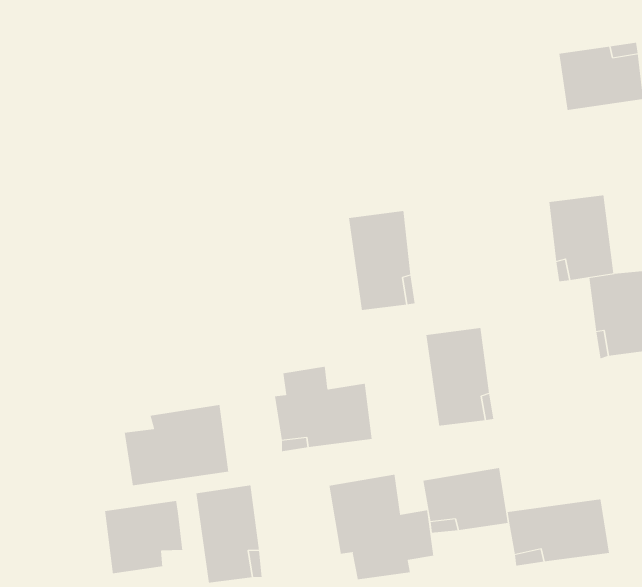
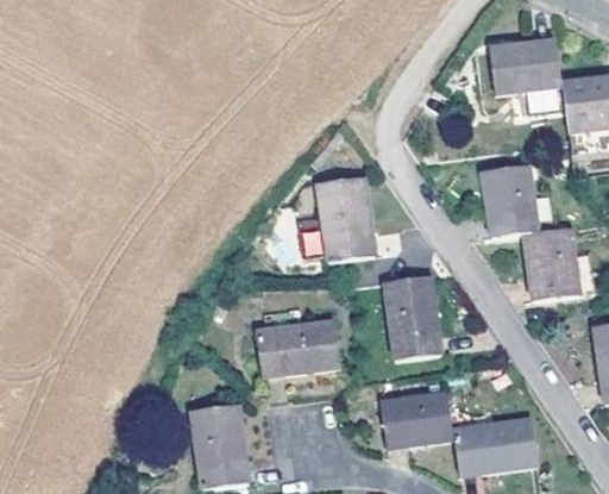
building: [124,404,229,486] -> none
building: [329,474,434,580] -> none
building: [104,500,183,574] -> none

